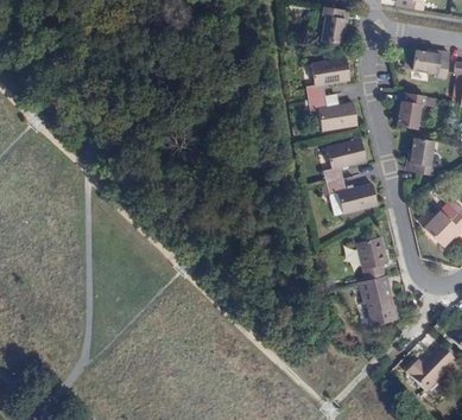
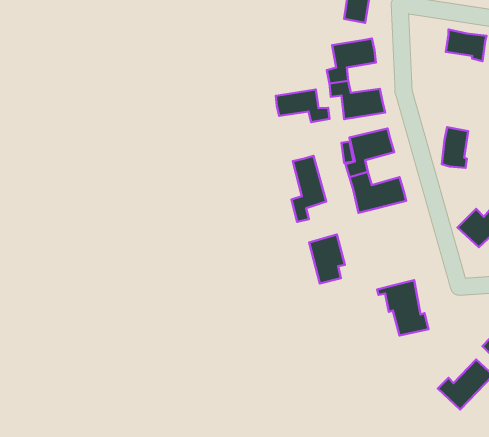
building: [398,93,425,129] -> none
building: none -> [276,89,330,122]
building: none -> [292,156,326,222]
building: [356,236,388,280] -> [309,234,345,283]

